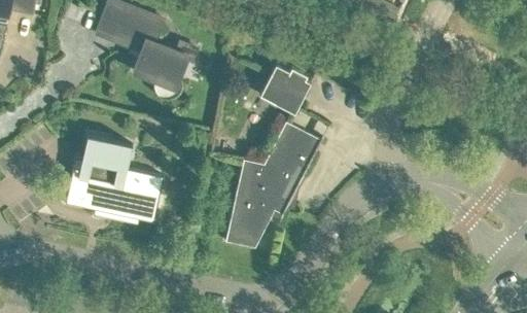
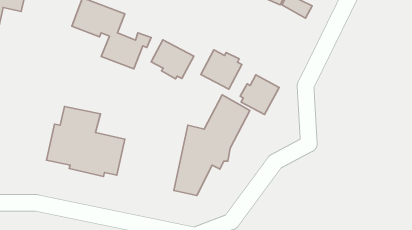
building: none -> [151,40,194,79]
building: none -> [240,75,279,115]

